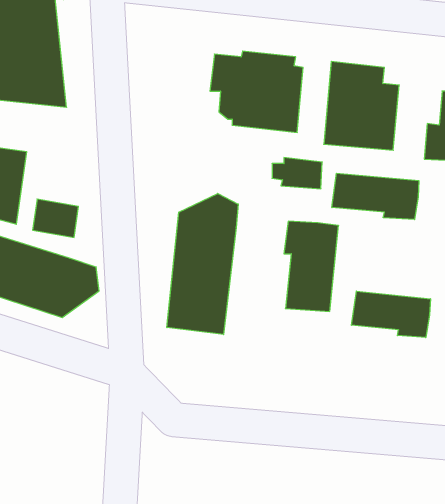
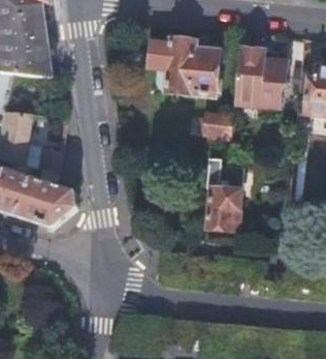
building: [332,173,419,220] -> none
building: [167,193,238,335] -> none
building: [351,291,430,338] -> none

